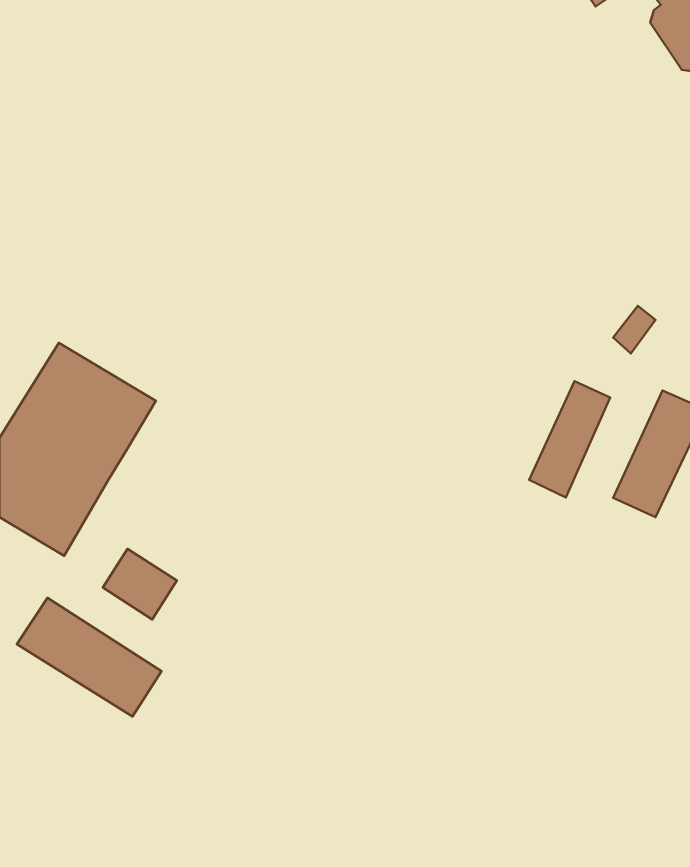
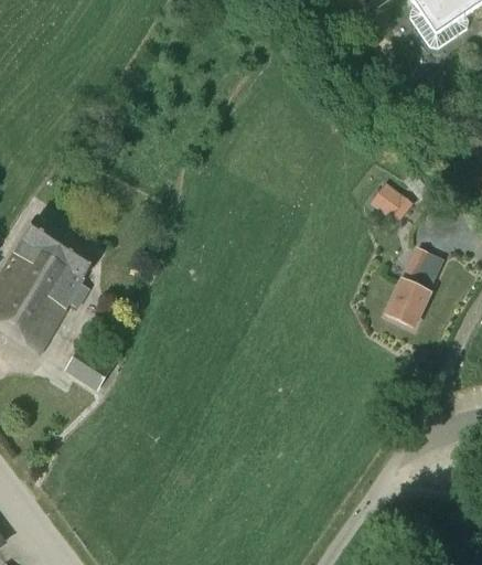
building: [529,381,610,497] -> none
building: [17,598,162,716] -> none

